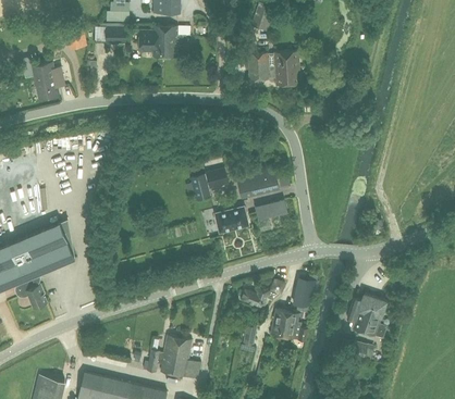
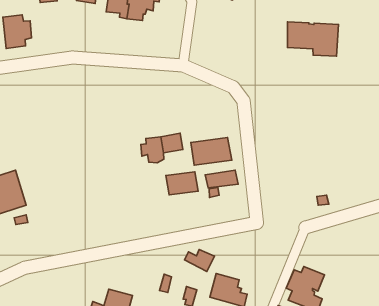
building: [246,51,299,85] -> [287,22,338,56]
building: [292,276,315,308] -> none

